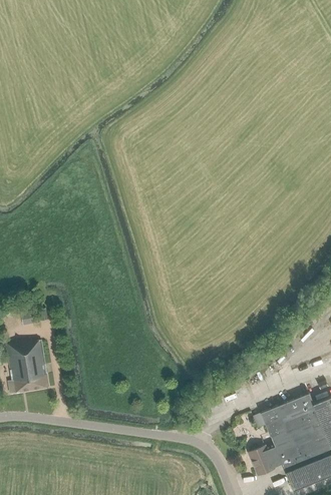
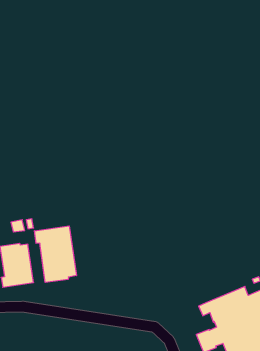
building: none -> [34,226,76,282]

